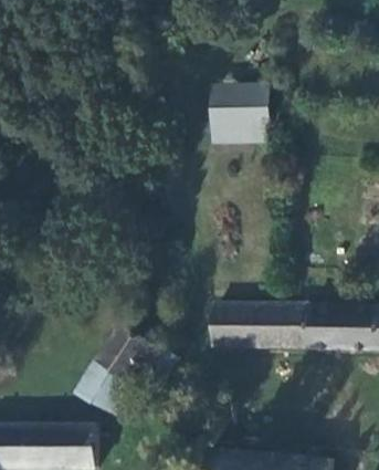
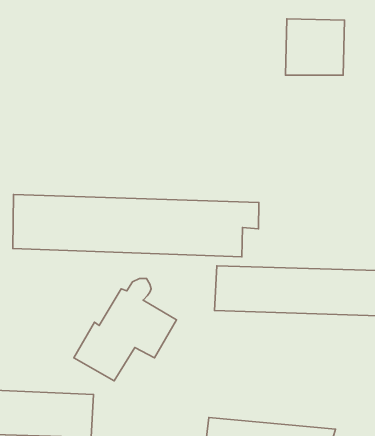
building: [209,88,265,143] -> [286,19,344,75]
building: none -> [13,194,259,257]

